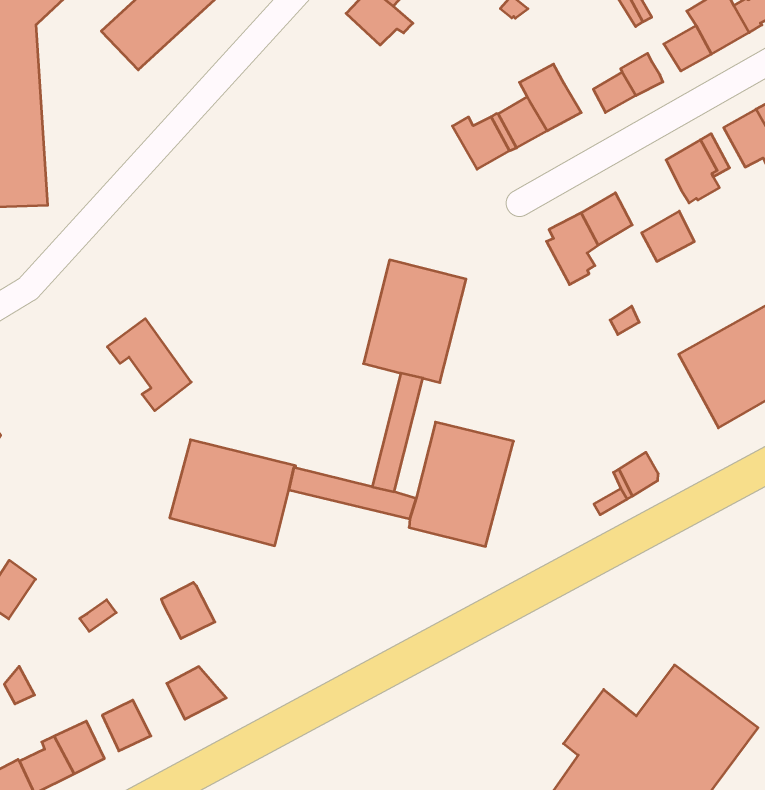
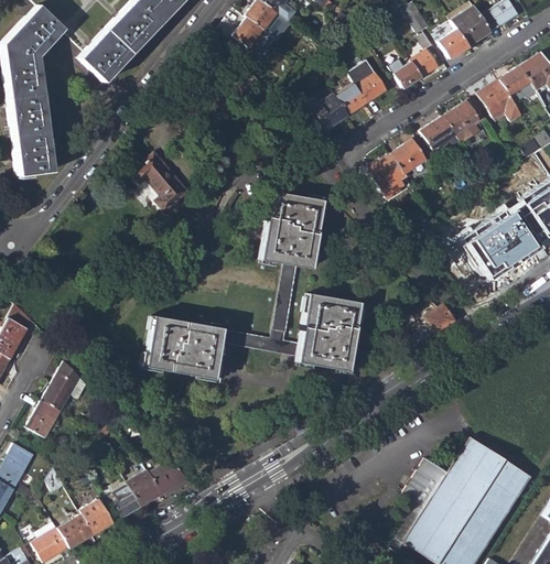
building: [642,211,694,261] -> [421,116,455,149]
building: [107,319,191,411] -> [132,153,187,212]
building: none -> [43,361,87,411]
building: [161,582,215,639] -> [127,469,162,506]

